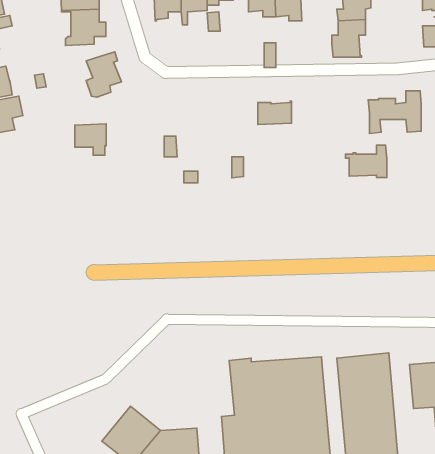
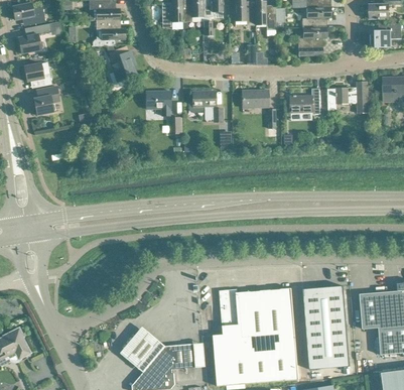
building: none -> [191,91,222,122]
building: [75,124,106,155] -> [145,91,169,115]
building: [345,145,387,178] -> [287,89,319,114]

